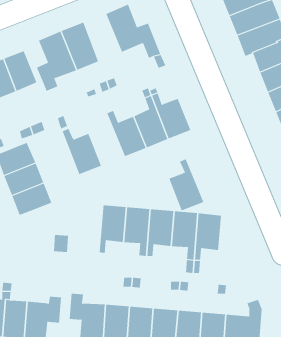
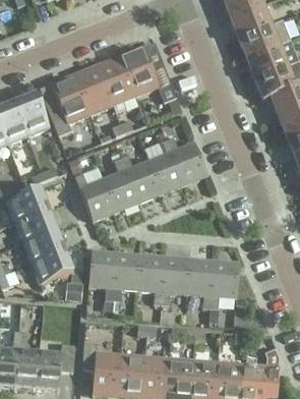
building: none -> [97,56,135,105]
building: [168,159,204,211] -> [102,158,138,212]
building: none -> [31,249,72,284]
building: none -> [87,249,116,300]

